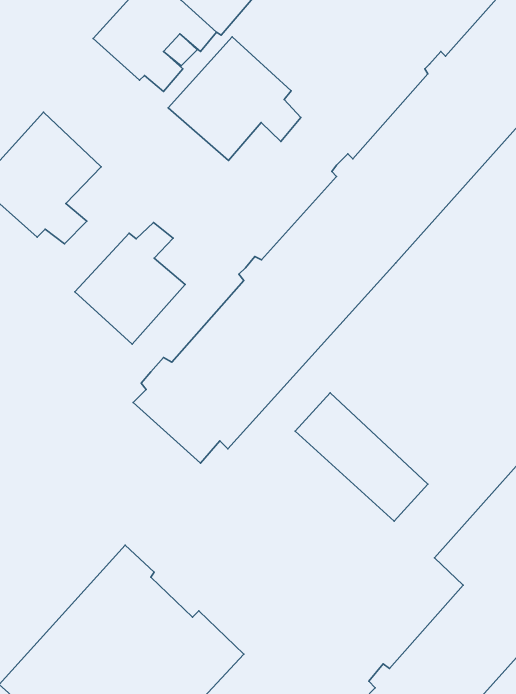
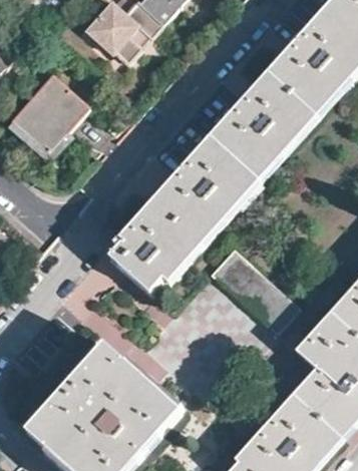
building: [168,37,301,161] -> none
building: [75,222,185,344] -> none

